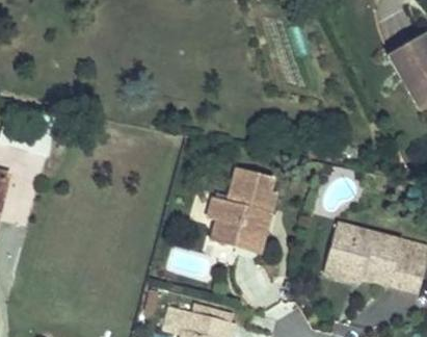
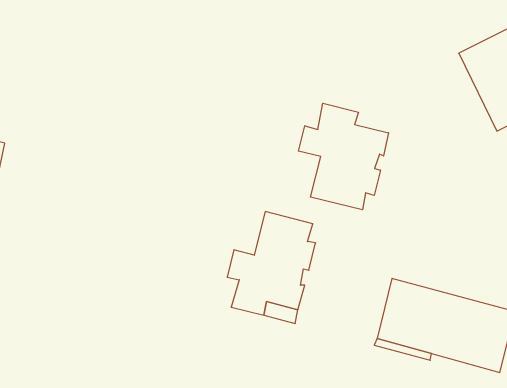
building: none -> [298,103,389,210]

